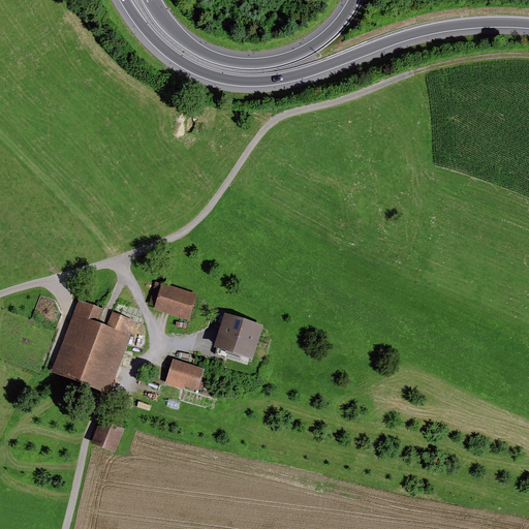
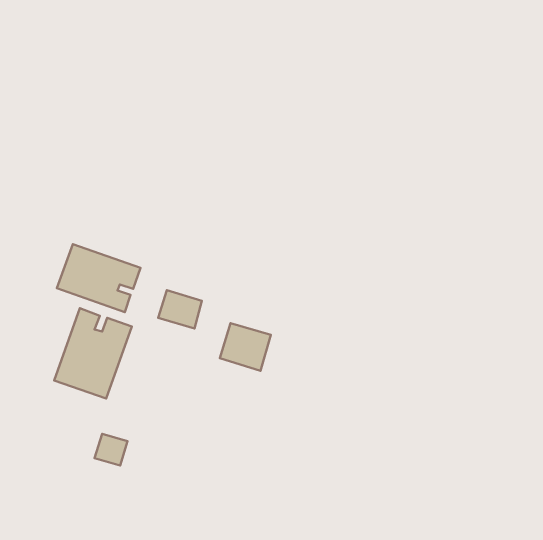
building: none -> [57,244,141,312]
building: [165,359,205,391] -> none

